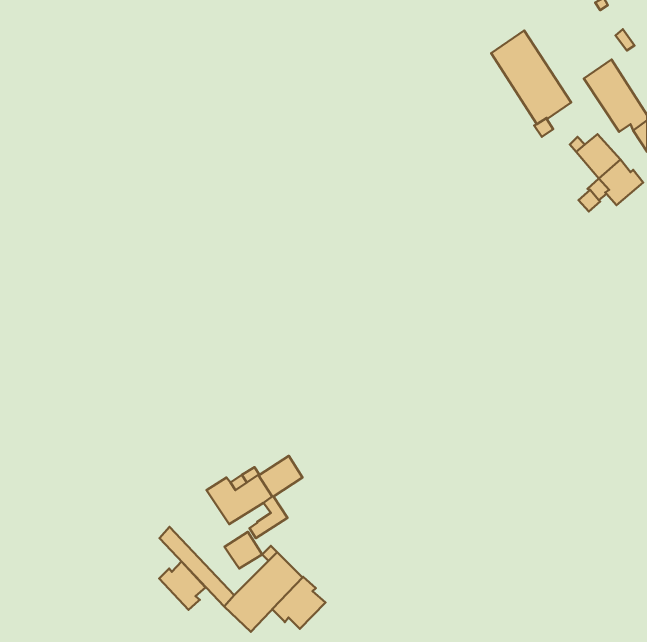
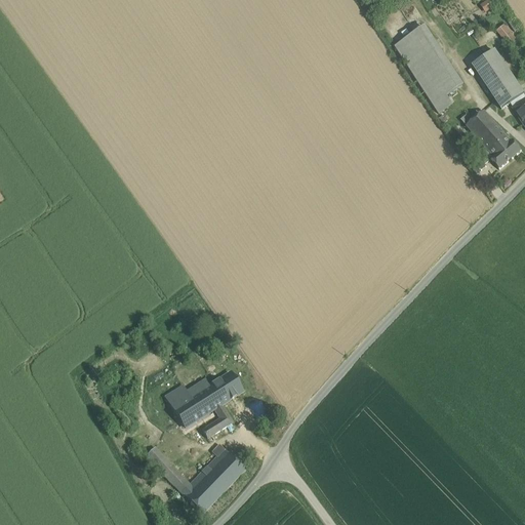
building: [225,532,262,568] -> none
building: [159,562,205,610] -> none
building: [272,577,325,629] -> none

